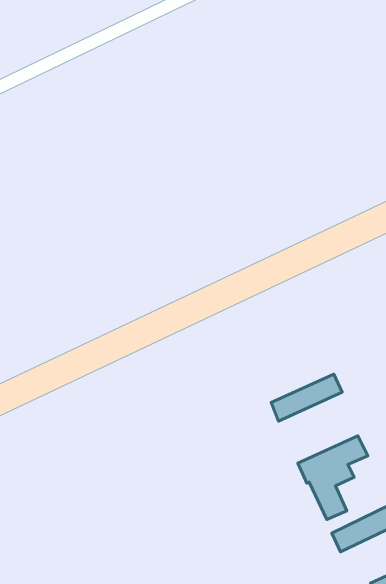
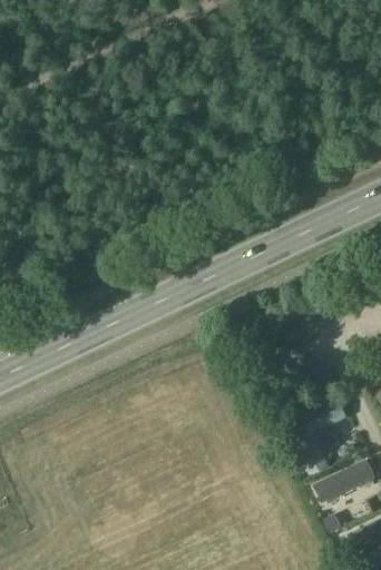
building: [271,374,342,421] -> none

